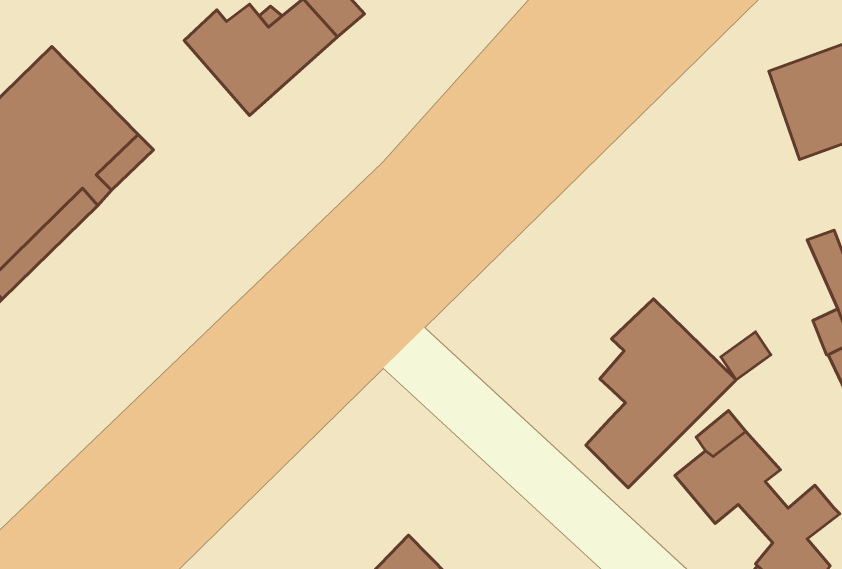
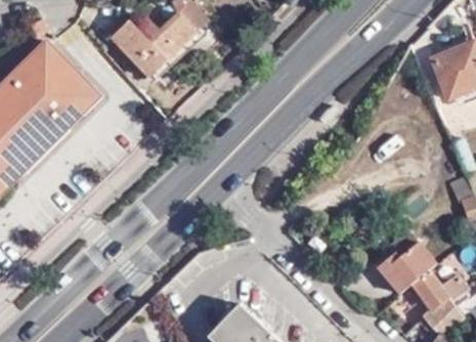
building: [586,299,736,488] -> none

